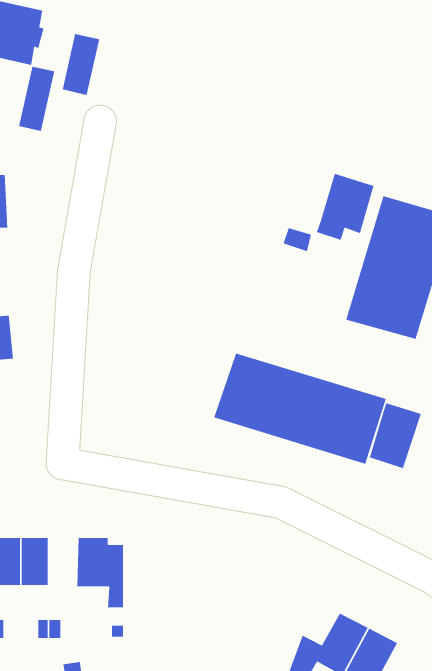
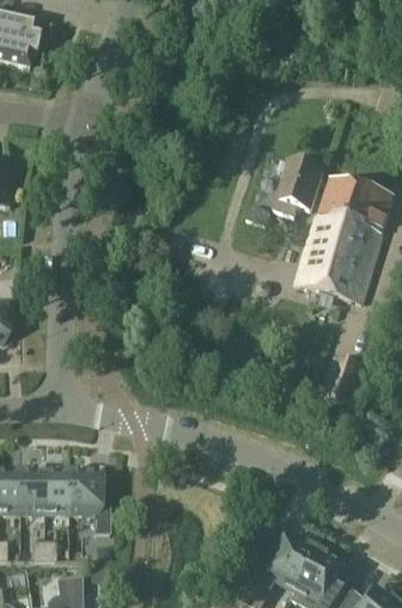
building: [62,33,100,96] -> none
building: [18,66,55,132] -> none
building: [213,352,387,465] -> none
building: none -> [44,471,69,514]

